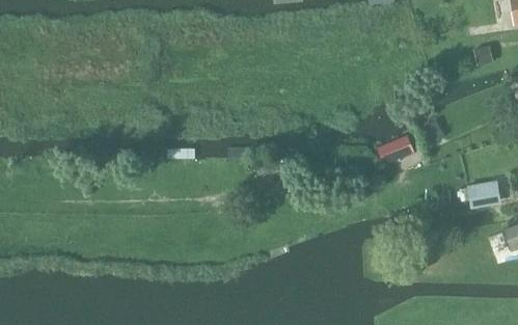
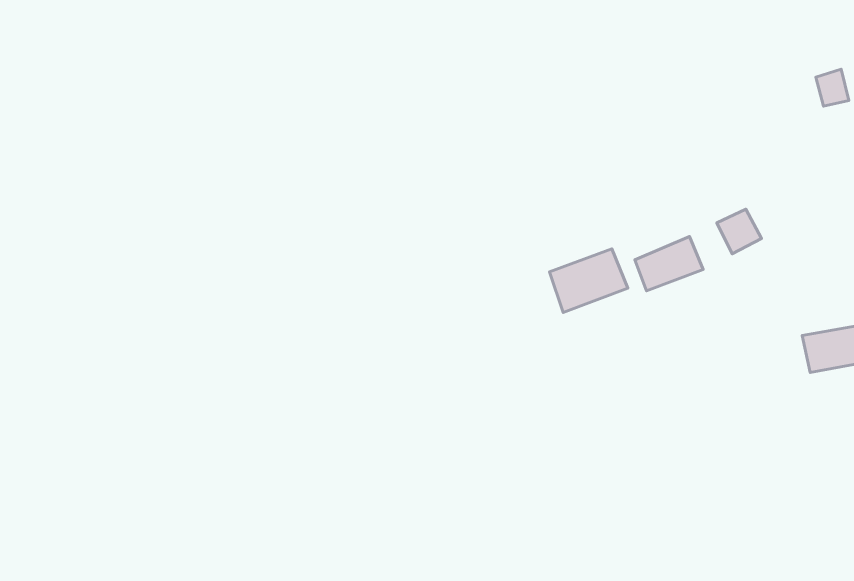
building: none -> [549,249,628,312]

